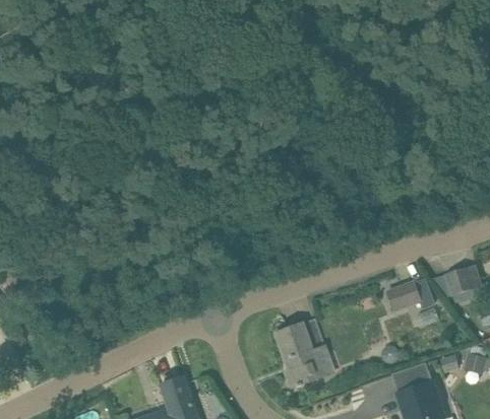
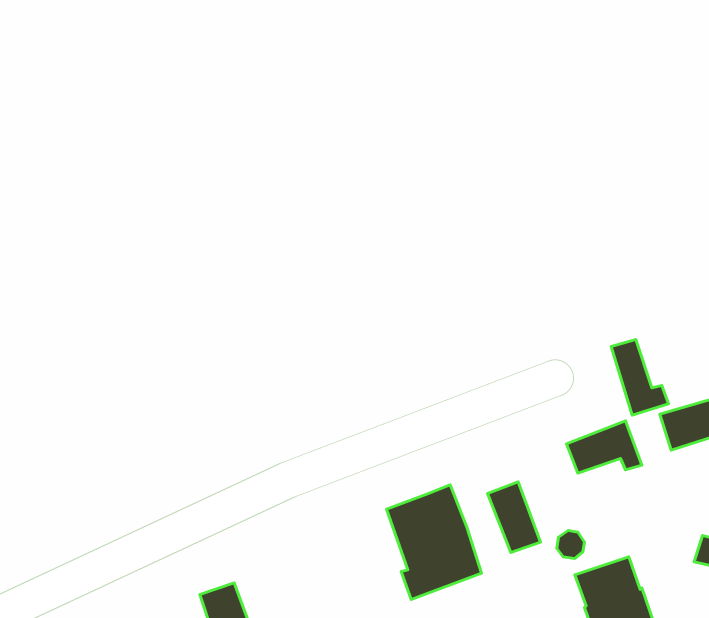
building: none -> [611,339,668,415]
building: none -> [487,482,540,553]

